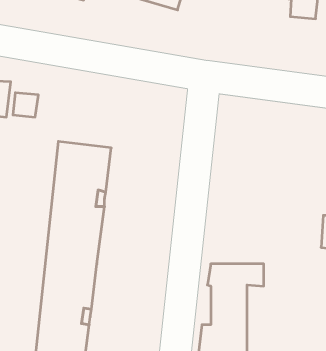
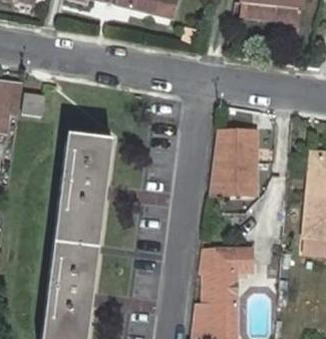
building: none -> [210,128,257,193]

